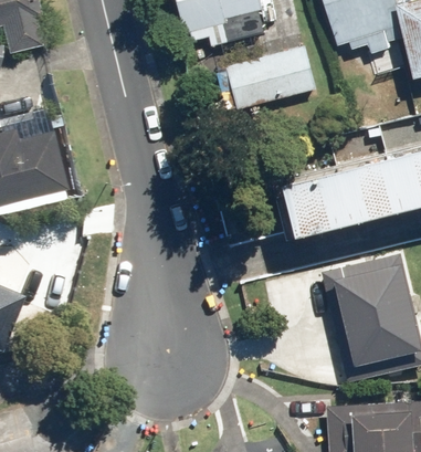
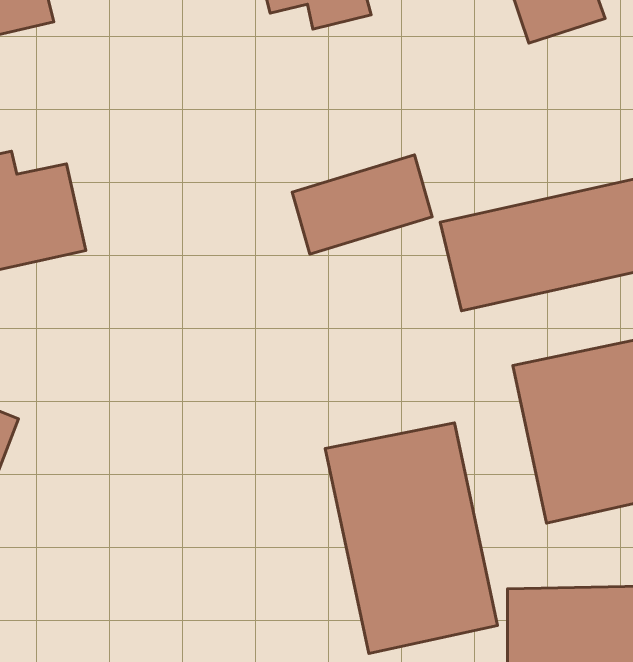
building: [225,50,313,112] -> [292,155,432,254]
building: none -> [325,423,498,653]

